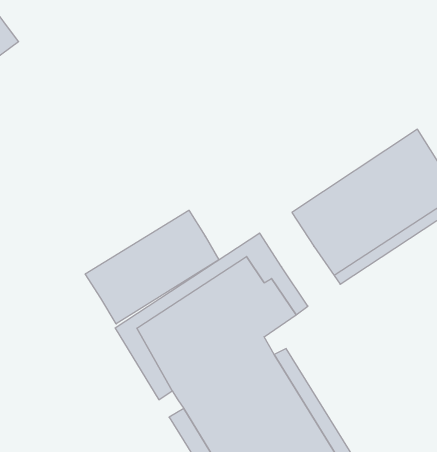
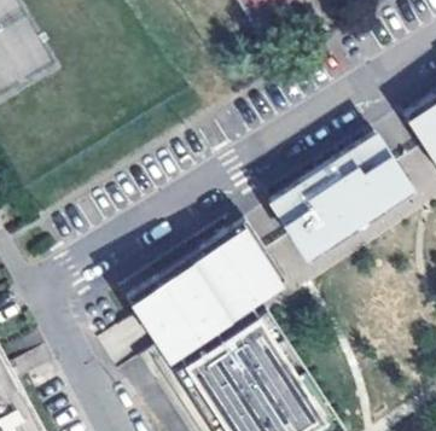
building: [85,210,219,324] -> none

